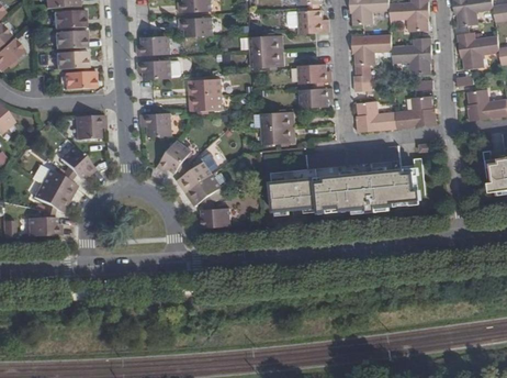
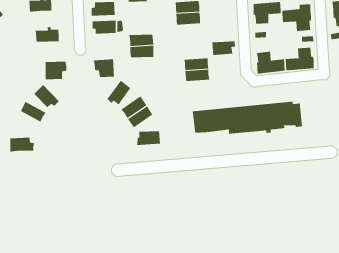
building: [54,48,86,70] -> none
building: [296,63,329,84] -> none
building: [33,182,69,212] -> none

